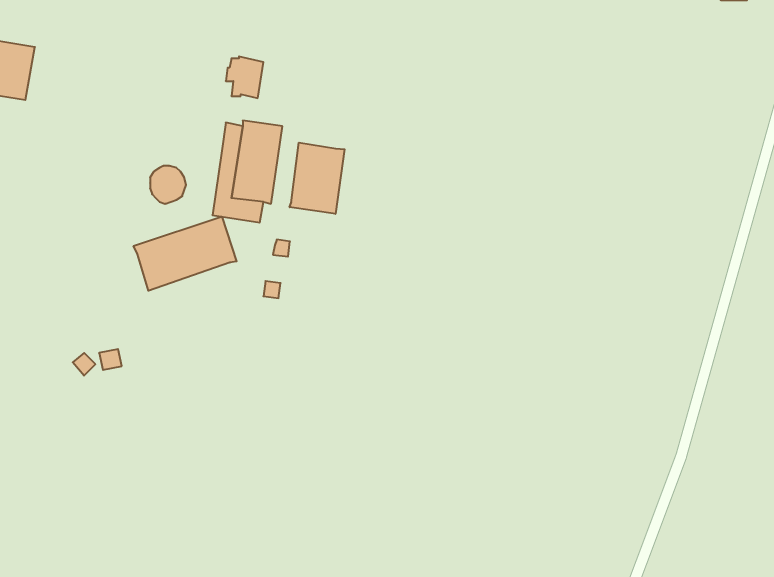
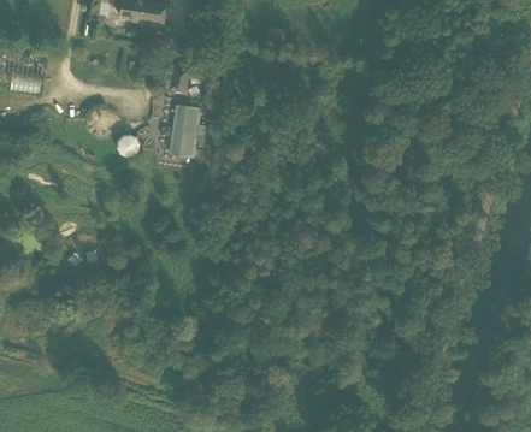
building: [290,143,345,214] -> none
building: [134,217,237,291] -> none

